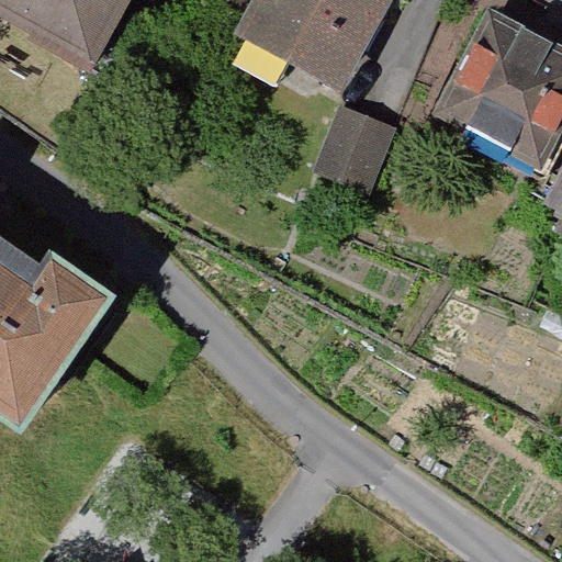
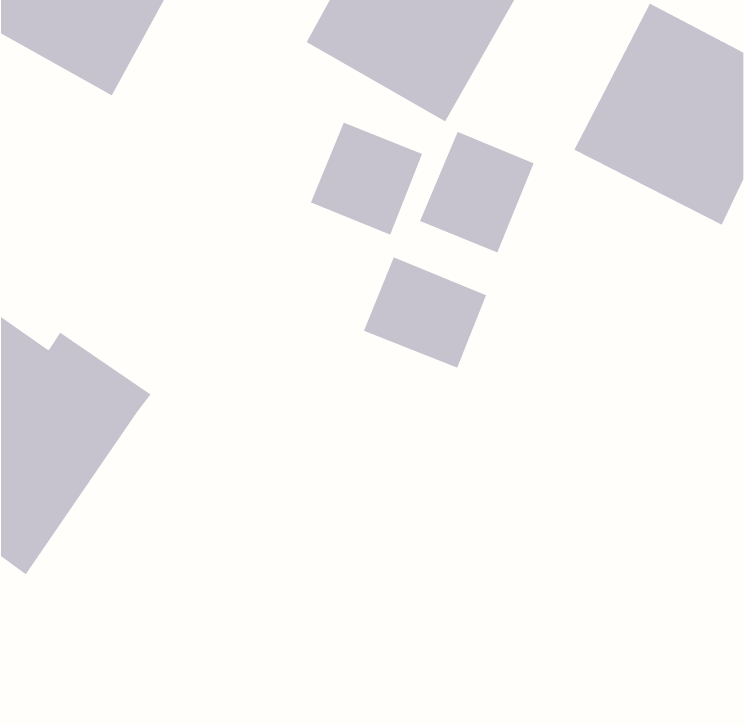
building: none -> [310,122,423,236]
building: none -> [363,256,487,369]

